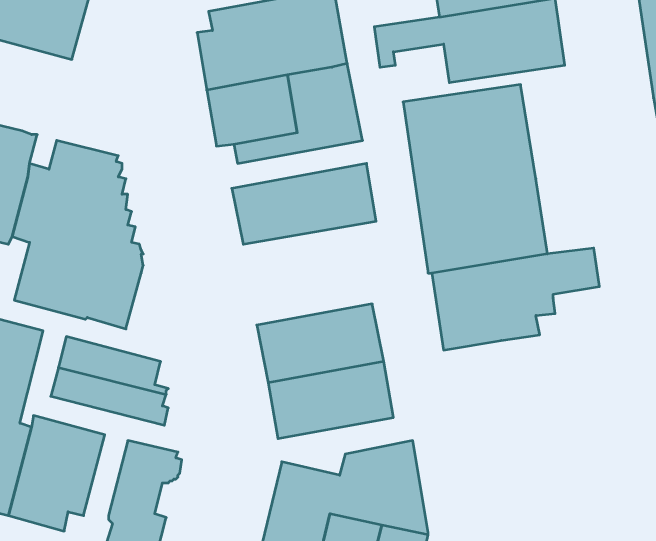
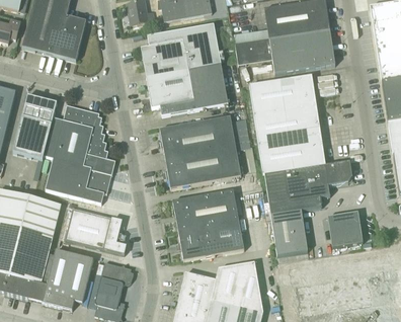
building: none -> [165,146,240,187]
building: none -> [270,209,307,254]
building: none -> [327,211,362,246]

